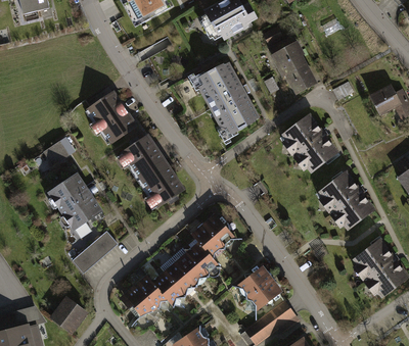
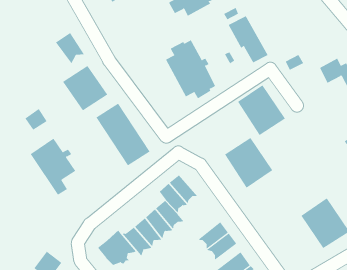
building: none -> [55,32,85,64]
building: [317,174,371,231] -> [224,137,273,189]
building: [72,231,117,273] -> none

